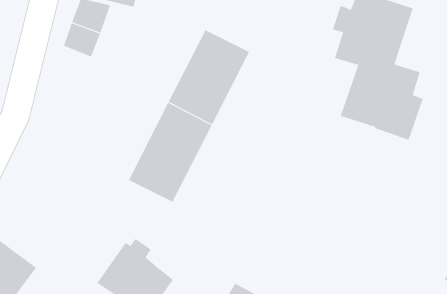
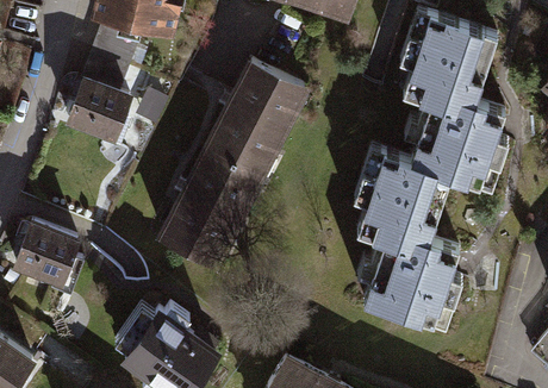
building: none -> [67,82,127,143]
building: none -> [353,154,460,330]
building: none -> [14,225,82,298]

